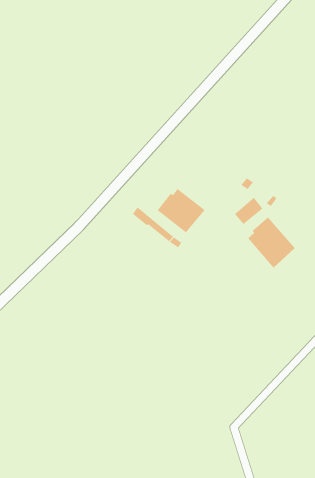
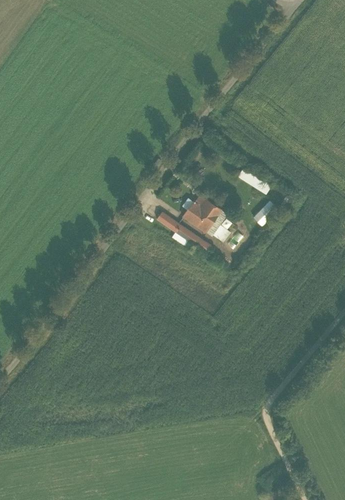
building: [247,216,295,269] -> none

